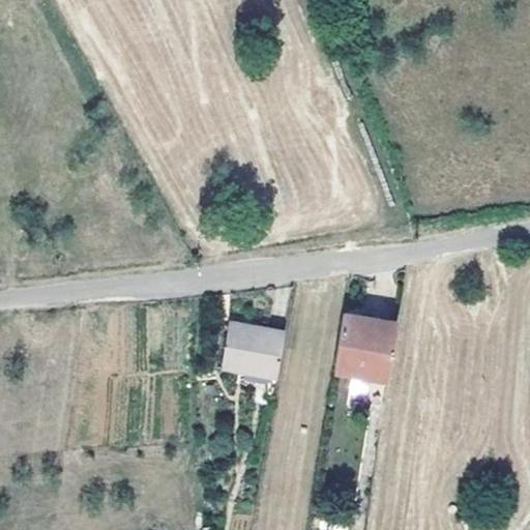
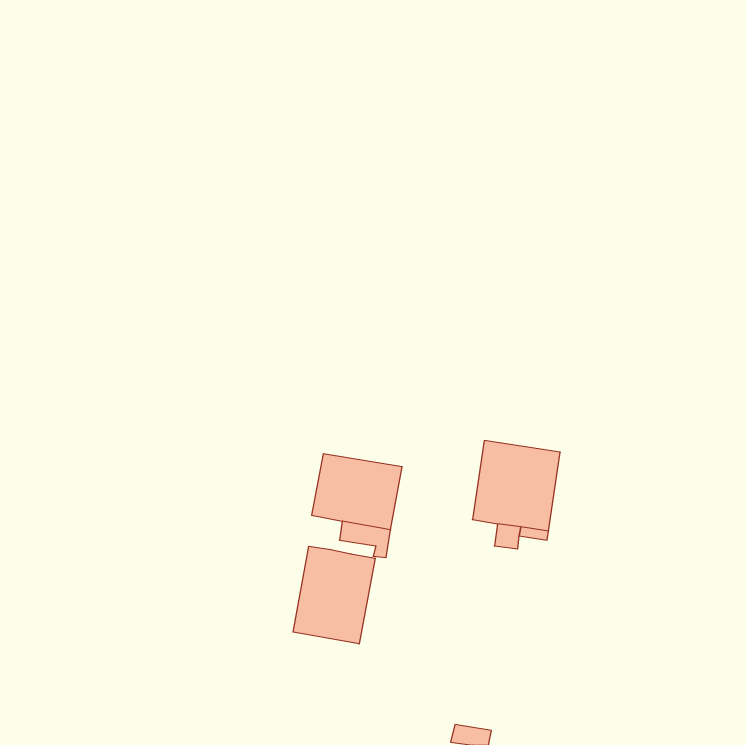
building: none -> [293,546,375,644]

